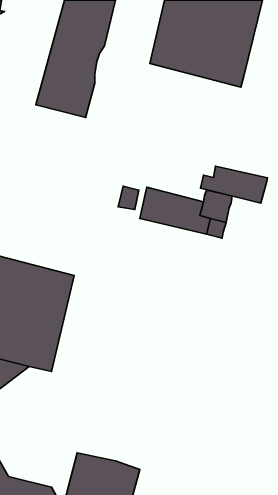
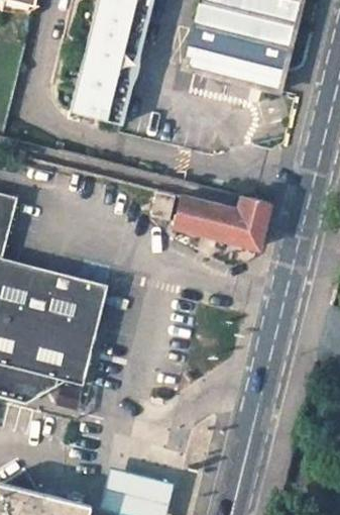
building: [200,166,267,203] -> none

